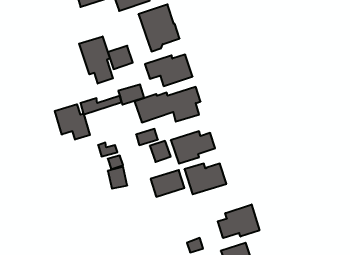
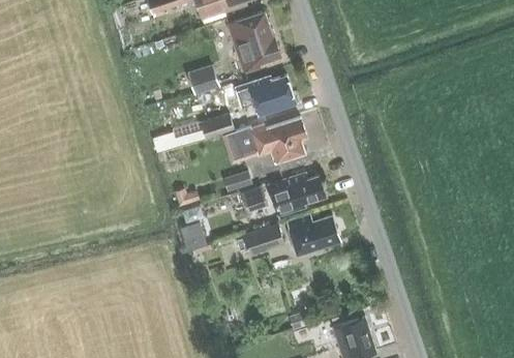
building: [79,36,113,84] -> none
building: [55,104,90,140] -> none
building: [218,204,259,238] -> none

